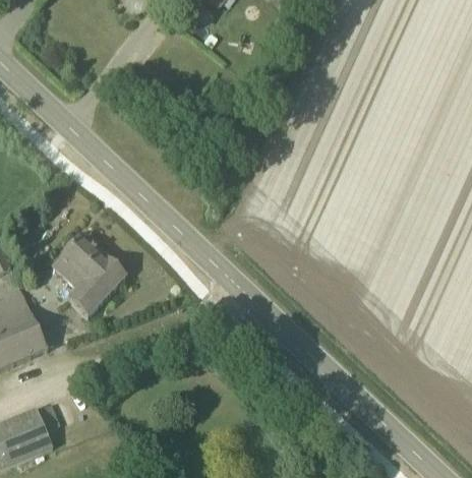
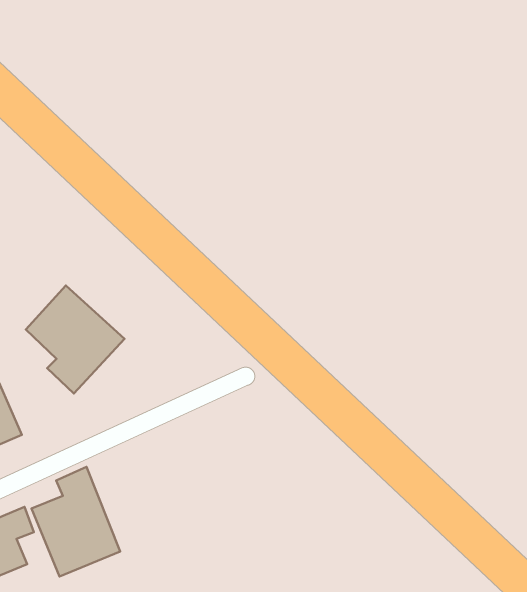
building: none -> [32,467,120,577]

